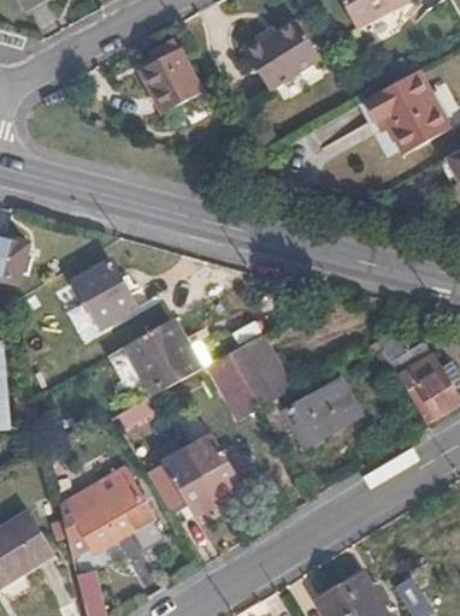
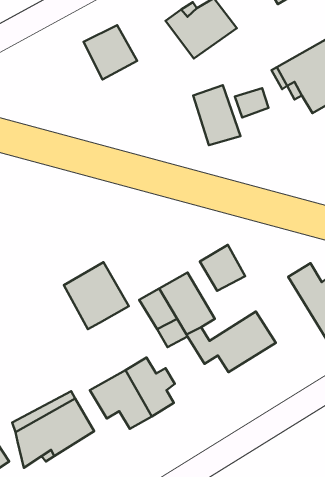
building: none -> [193,85,241,145]
building: [75,260,137,327] -> none
building: none -> [200,245,245,291]

